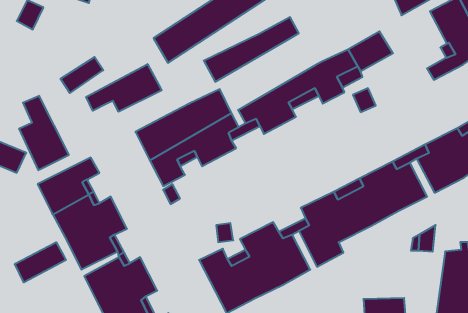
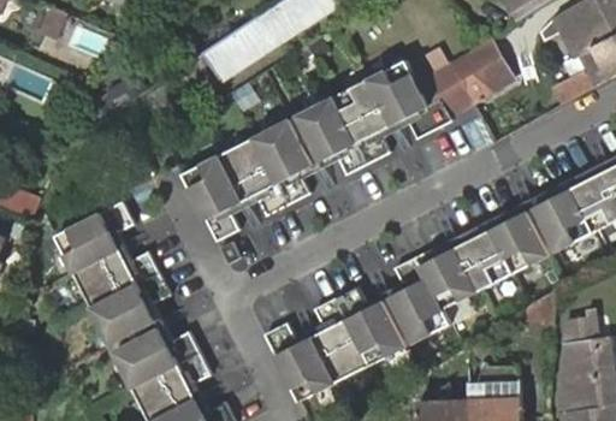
building: [204,17,299,82] -> [296,61,416,143]
building: [86,64,162,112] -> none
building: [19,96,69,170] -> none
building: [15,242,66,282] -> none

